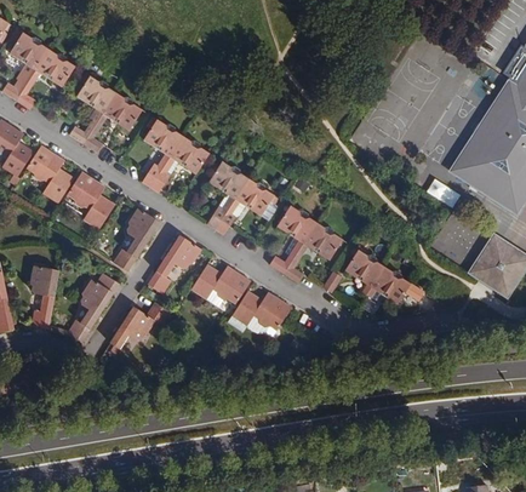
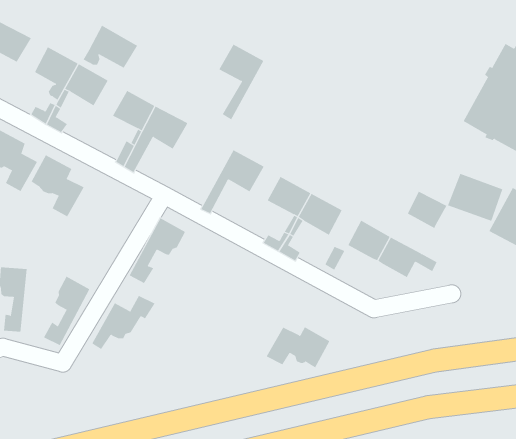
building: none -> [83,25,138,69]
building: [206,162,247,230] -> [219,44,264,120]
building: [113,208,158,271] -> none
building: none -> [407,191,447,229]
building: [189,264,247,303] -> none
building: [230,291,288,330] -> [266,327,330,368]

